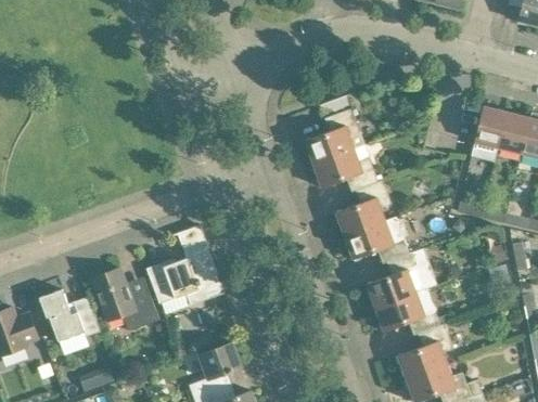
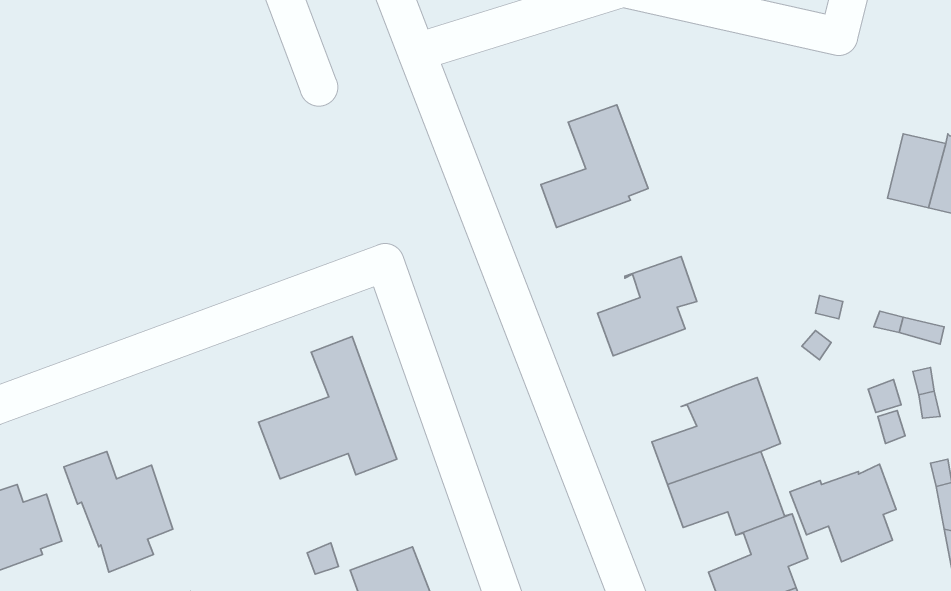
building: [471,106,507,161] -> none
building: [313,148,383,191] -> none
building: [345,217,413,263] -> none
building: [91,268,159,330] -> none
building: none -> [790,464,896,562]

